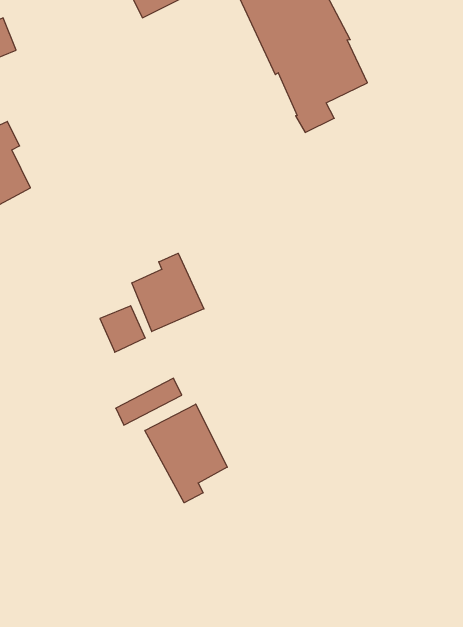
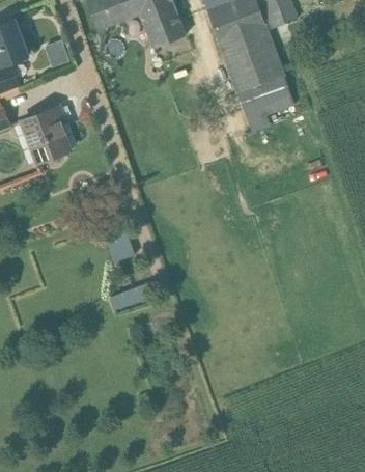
building: [132,253,204,332] -> none
building: [145,404,227,503] -> none

